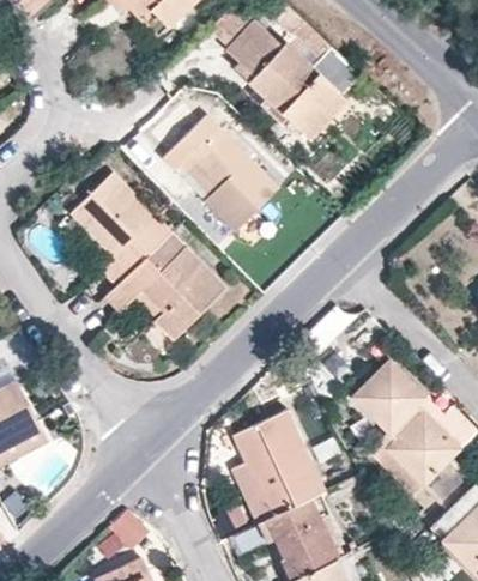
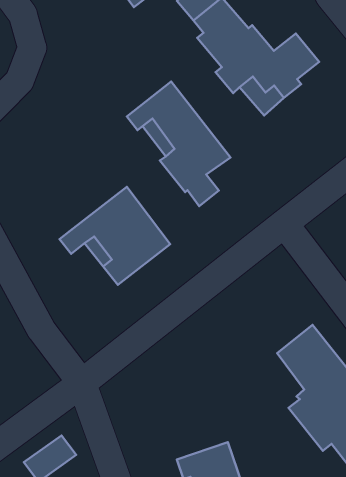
building: [69,174,171,288] -> none
building: [232,408,327,521] -> none

